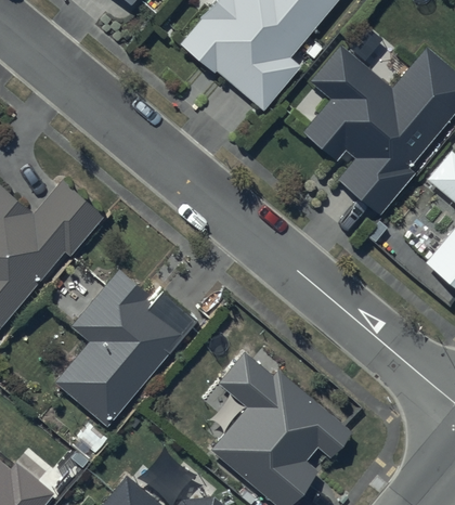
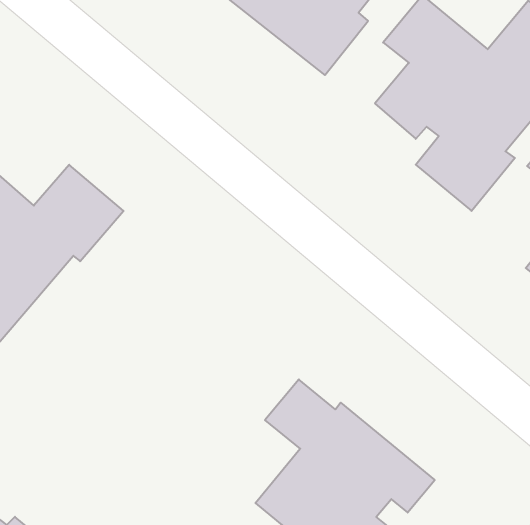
building: [54,269,196,426] -> none

